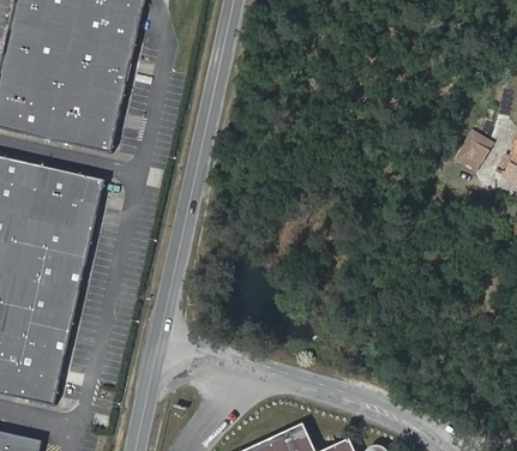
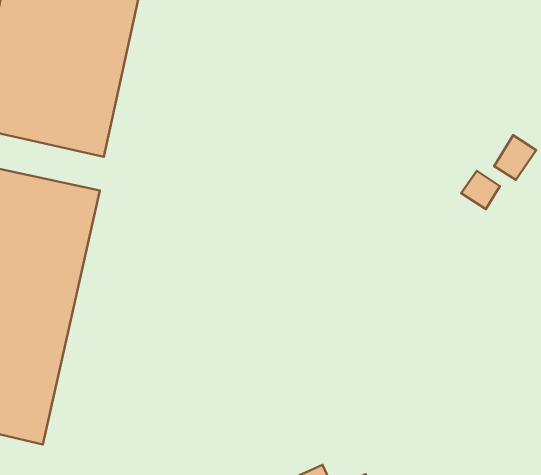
building: none -> [461,171,500,209]

